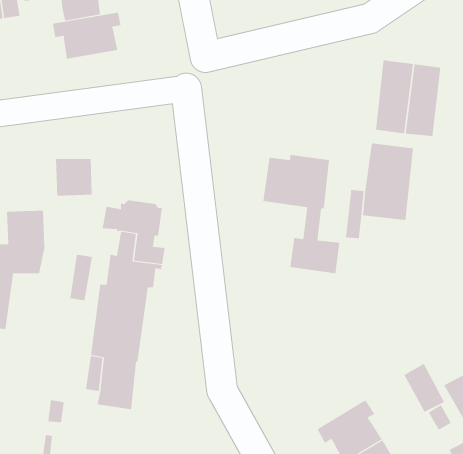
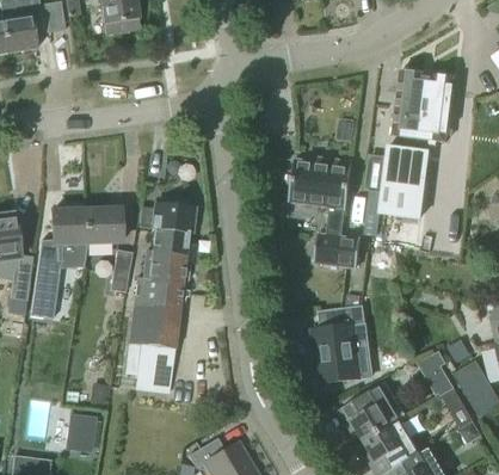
building: [53,12,121,59] -> none
building: [55,159,93,196] -> [86,209,121,243]
building: none -> [310,306,364,383]

